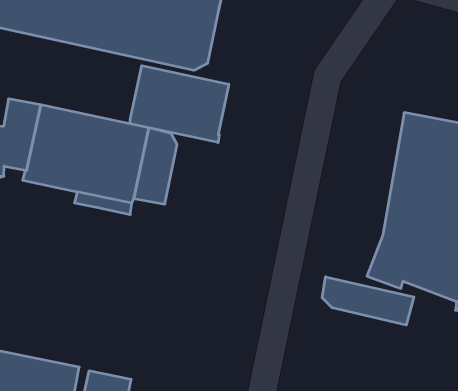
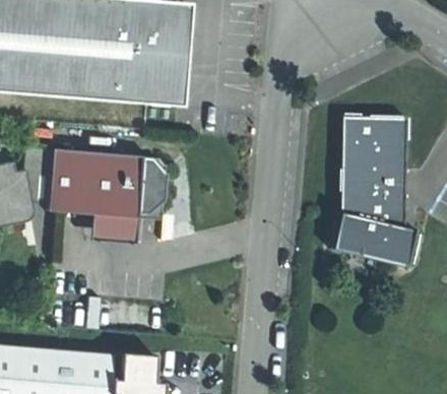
building: [130,66,229,143] -> none
building: [322,277,414,325] -> none

